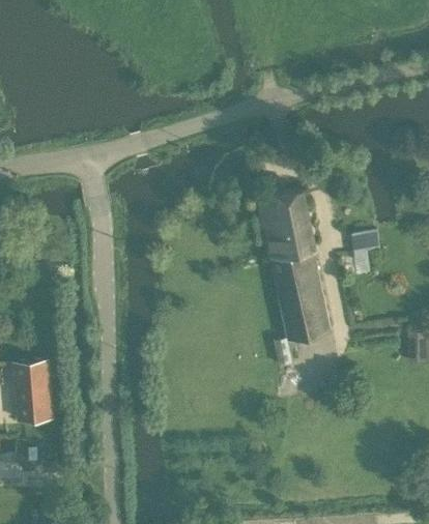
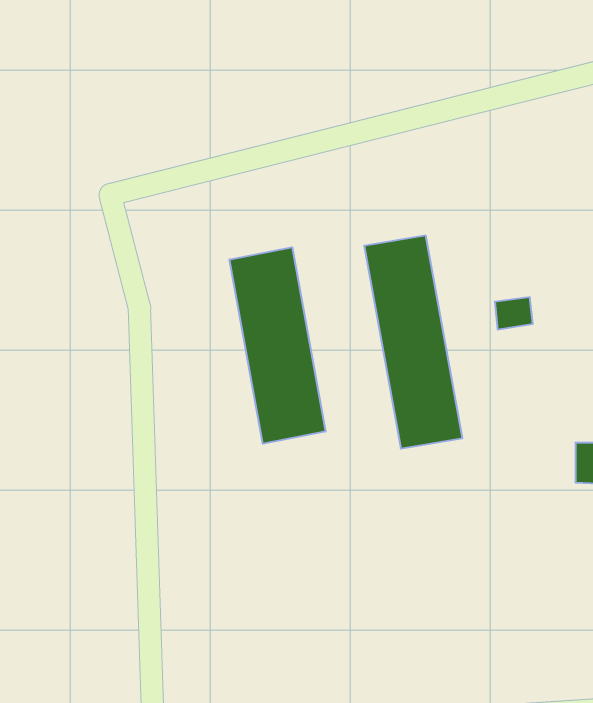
building: none -> [229,247,326,444]
building: [11,362,53,425] -> none

